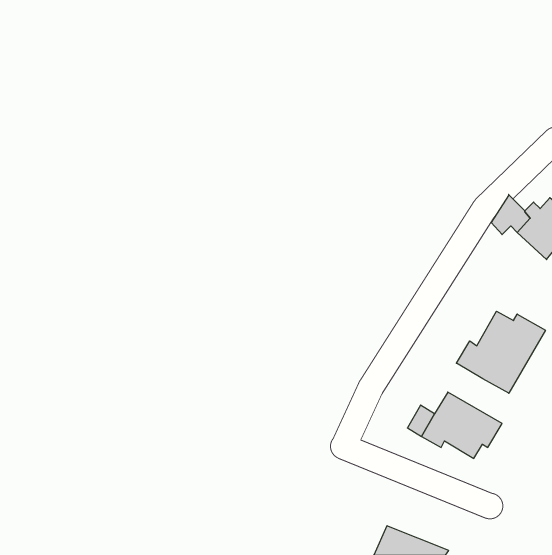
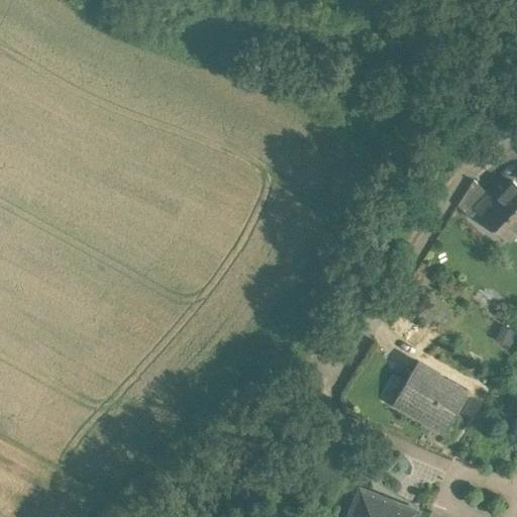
building: [456,311,545,393] -> none

